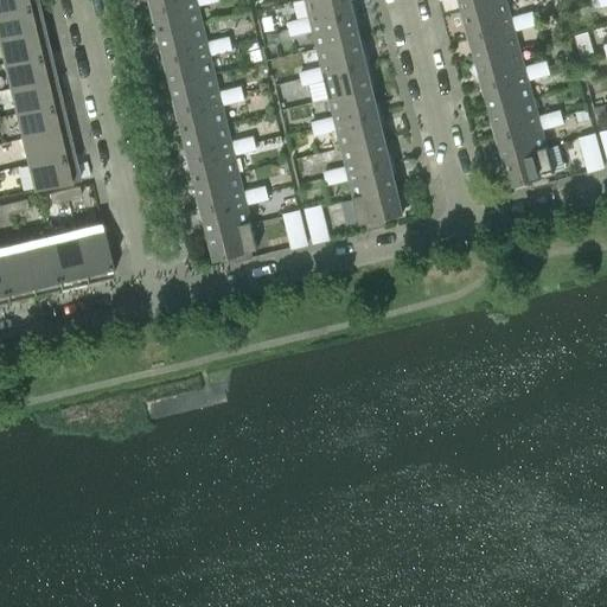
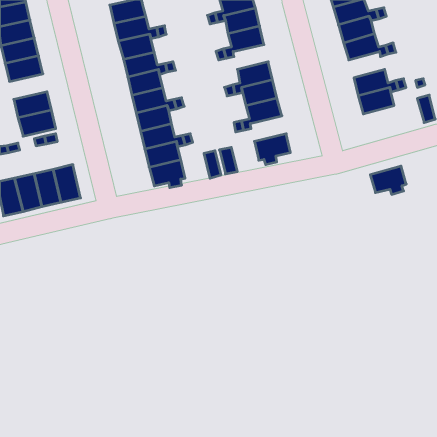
building: [322,62,371,96] -> none
building: [483,71,532,108] -> none
building: [13,102,65,138] -> none
building: [503,146,552,185] -> [370,166,406,194]
building: [346,160,396,196] -> none

